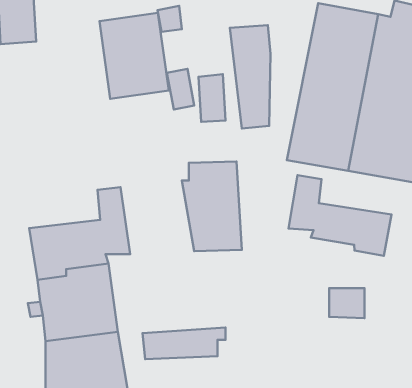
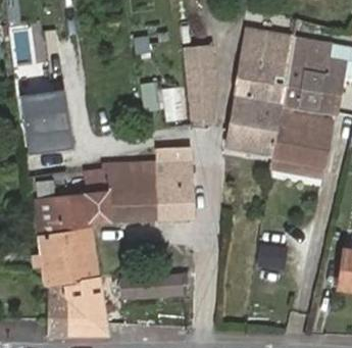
building: [99,13,169,99] -> [20,90,72,154]
building: [289,175,392,256] -> none
building: none -> [102,165,157,220]

